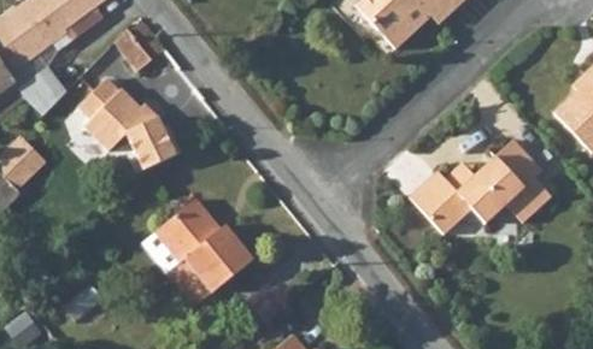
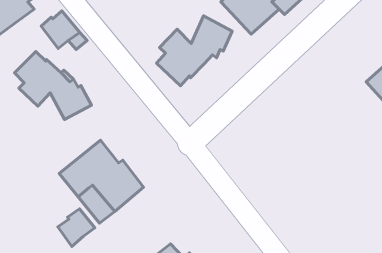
building: none -> [156,16,232,86]
building: [404,143,547,239] -> none
building: none -> [58,209,95,246]

